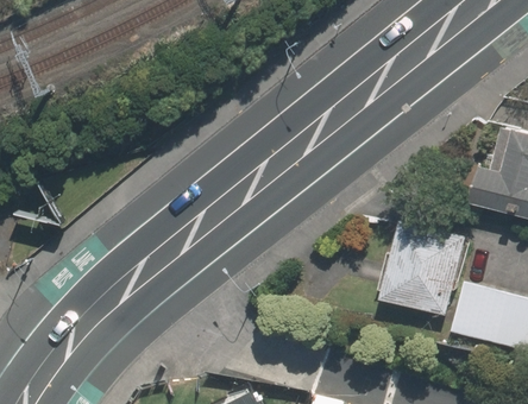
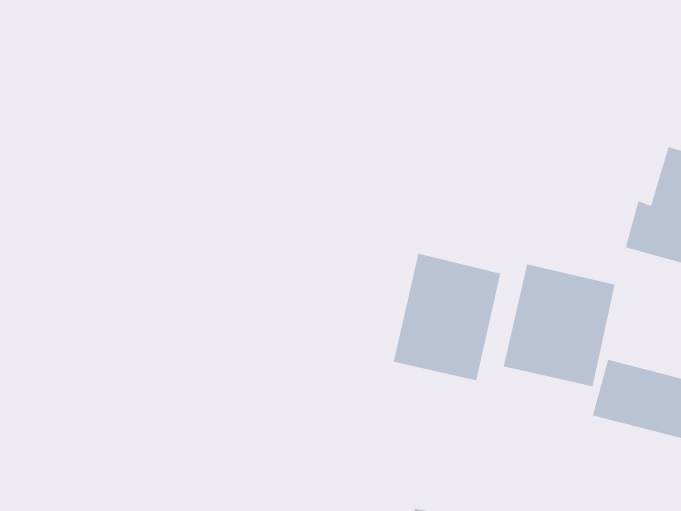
building: none -> [393,253,501,381]

